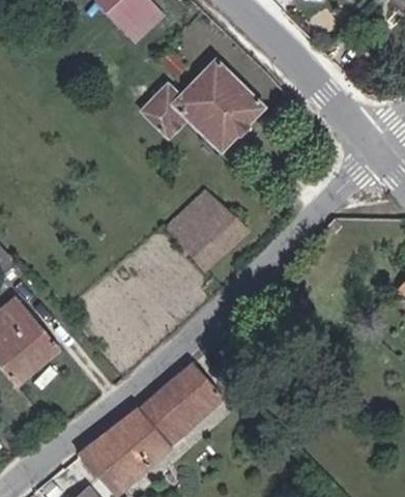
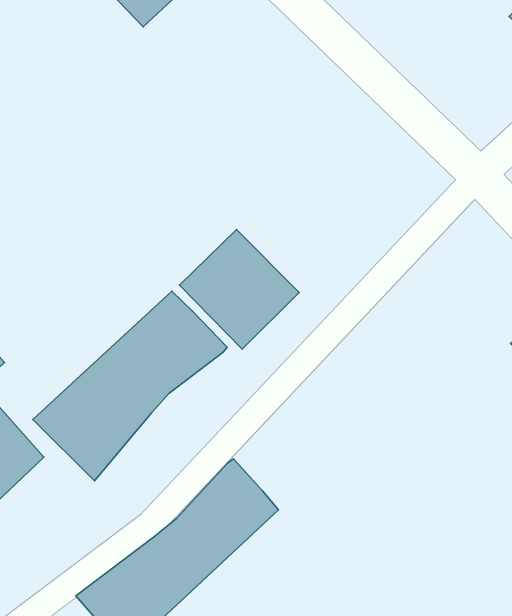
building: [133,62,256,154] -> none
building: none -> [33,291,227,481]

